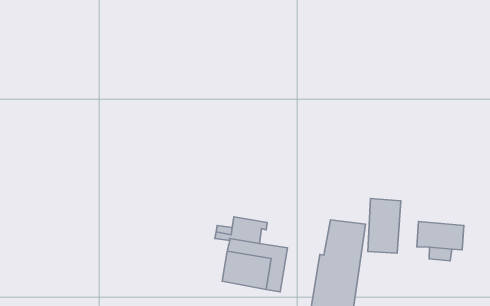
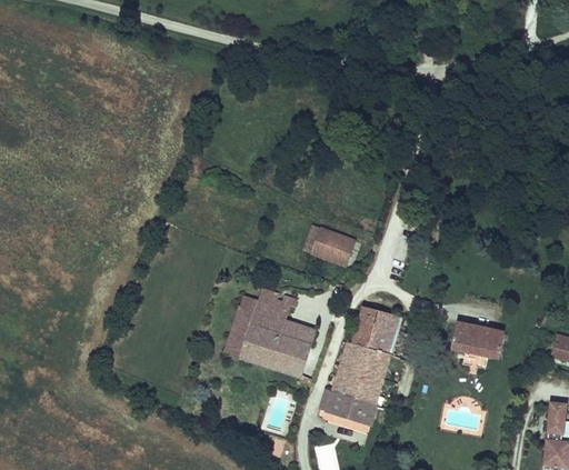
building: none -> [302,224,356,267]
building: [368,199,401,253] -> none
building: none -> [226,308,254,354]

